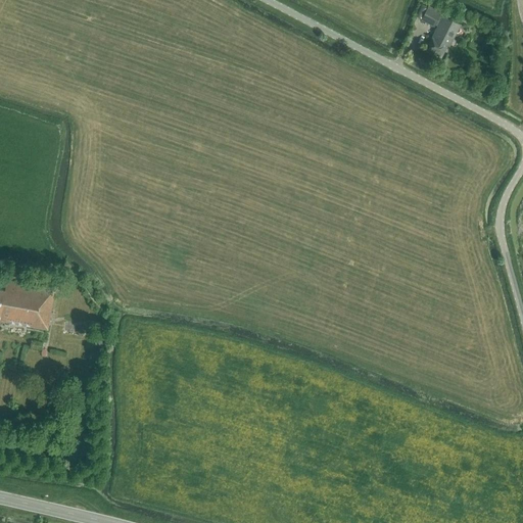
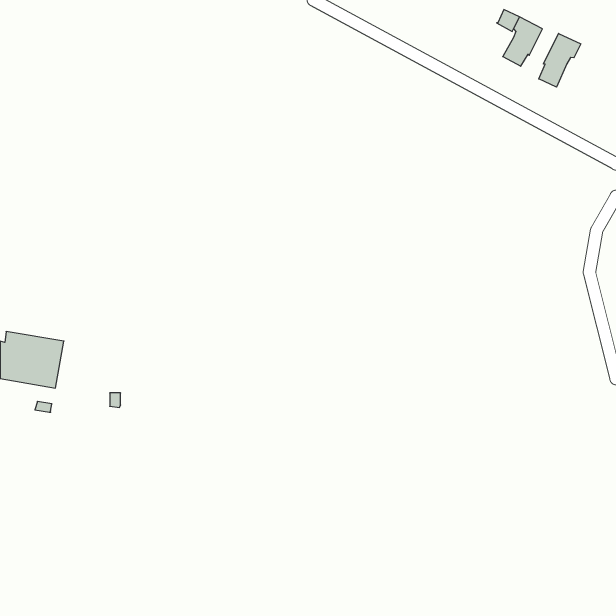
building: none -> [539,33,581,87]

